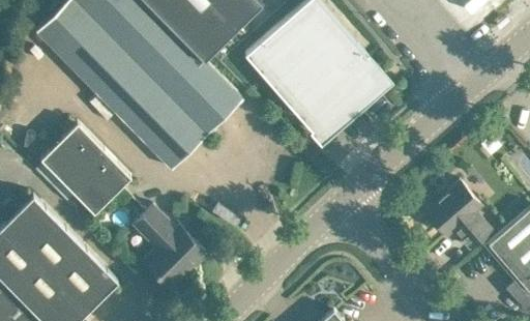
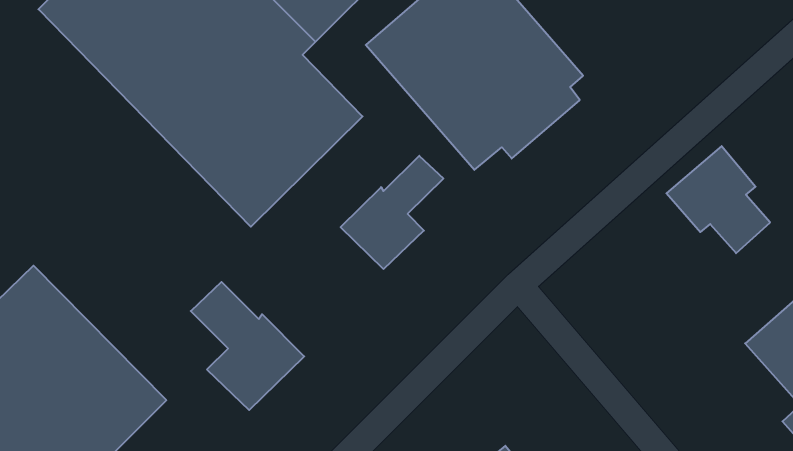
building: [40,124,131,215] -> none
building: none -> [341,156,443,269]
building: [425,182,492,251] -> [666,146,770,253]

